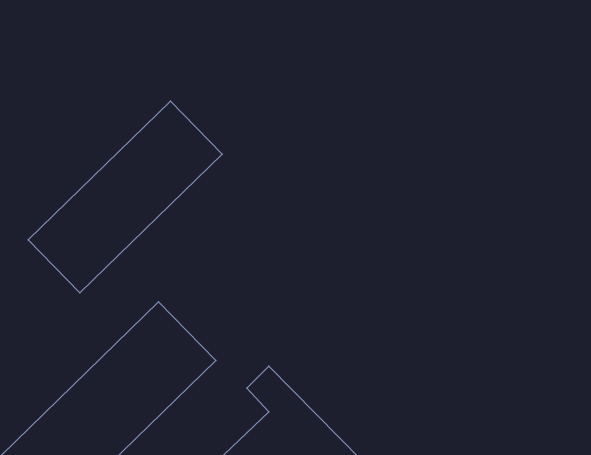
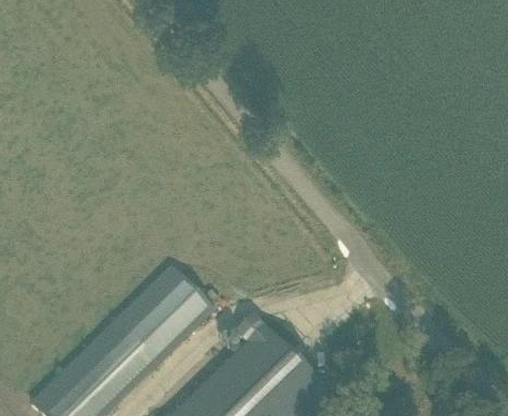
building: [28,101,222,293] -> none

